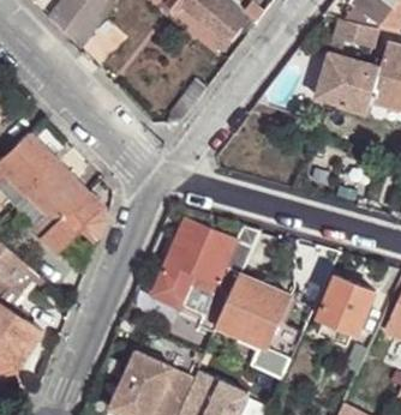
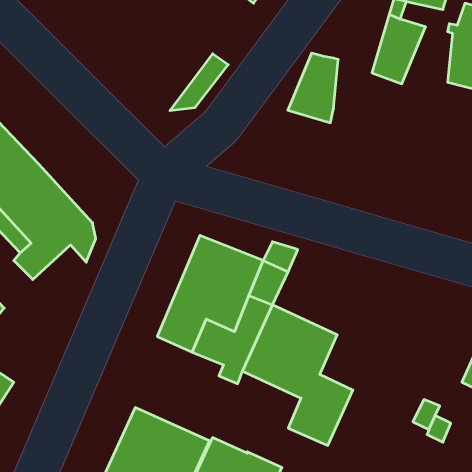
building: [339,60,377,113] -> [288,53,338,123]
building: [318,273,376,332] -> none

